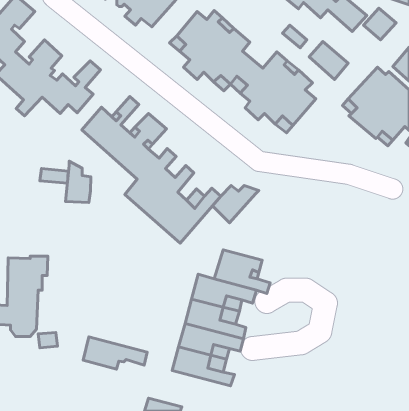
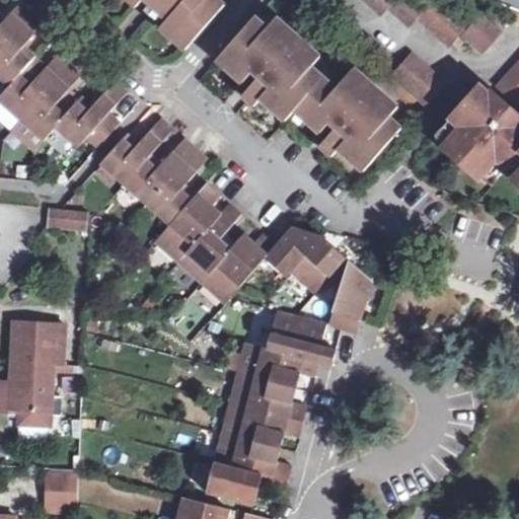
building: [66,161,91,202] -> none
building: none -> [292,242,347,295]
building: none -> [331,265,374,336]
building: [83,337,147,369] -> [208,463,288,504]
building: none -> [47,473,78,505]

